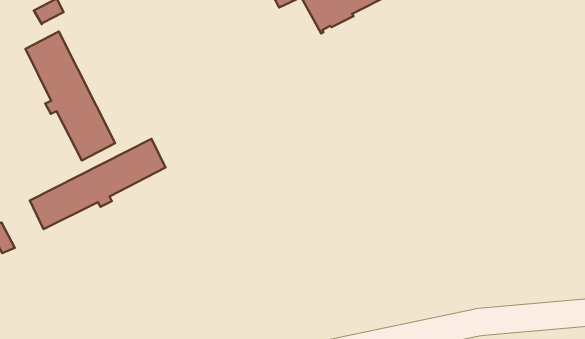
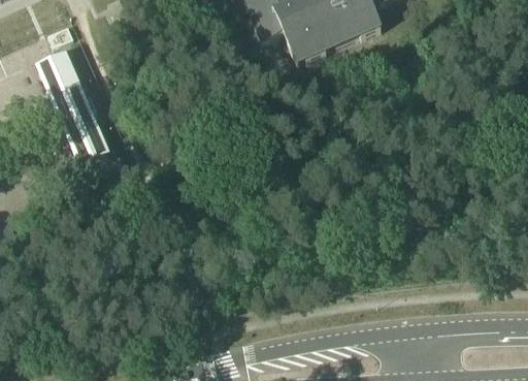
building: [30,139,165,229] -> none

